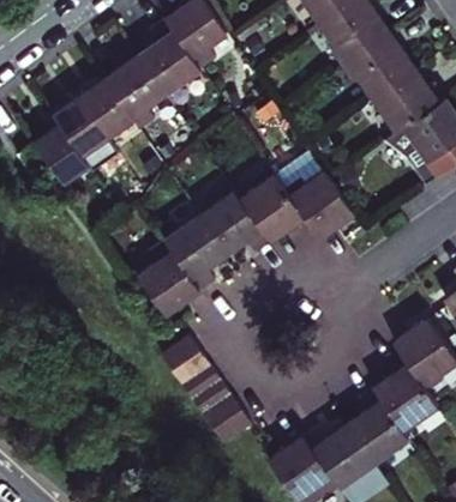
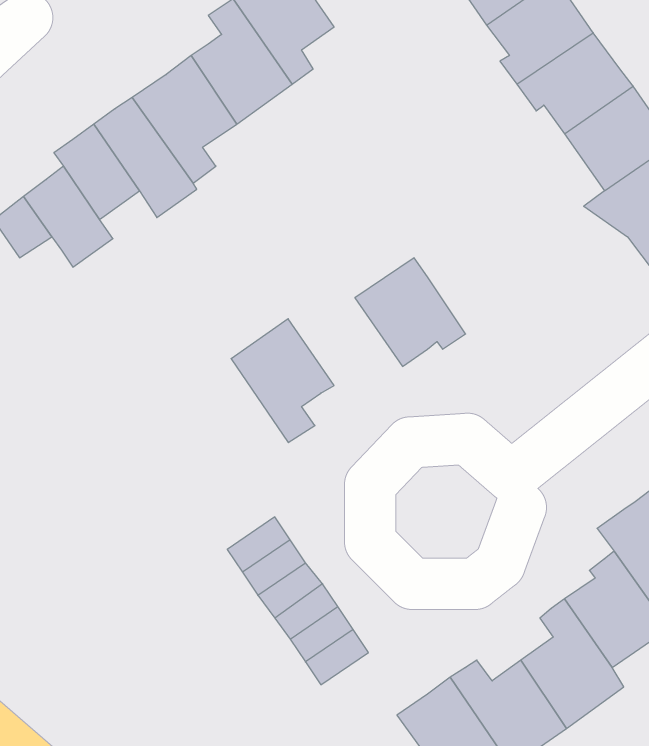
building: [287,173,356,240] -> none
building: [199,190,271,256] -> none
building: [137,240,199,316] -> none

